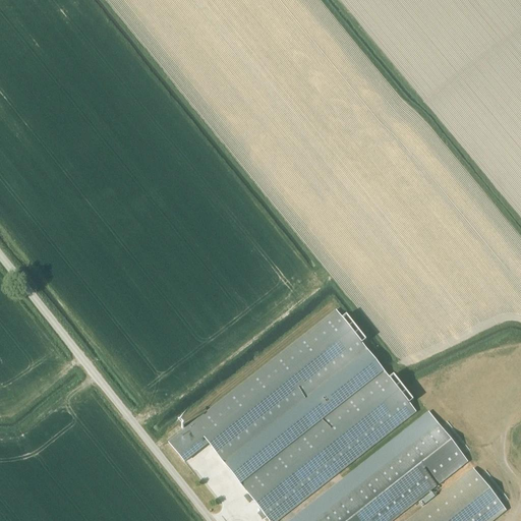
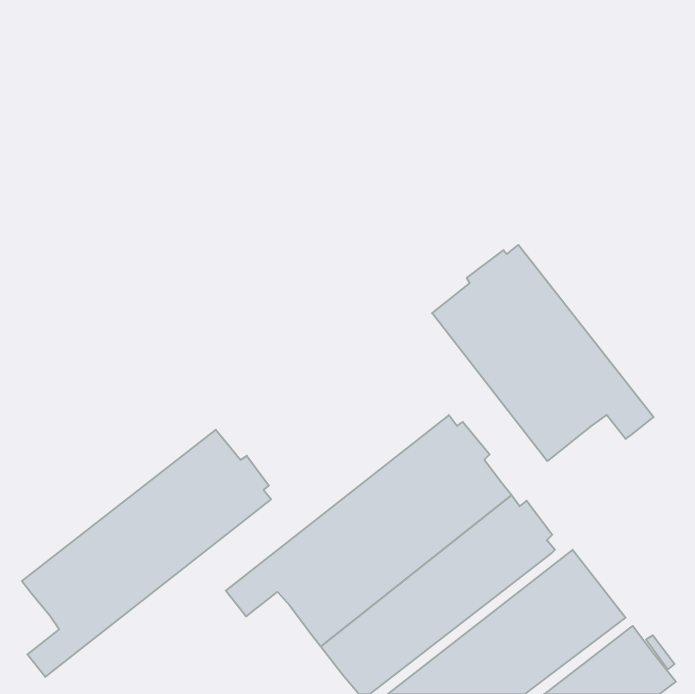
building: none -> [432,245,654,461]
building: none -> [22,430,271,677]

